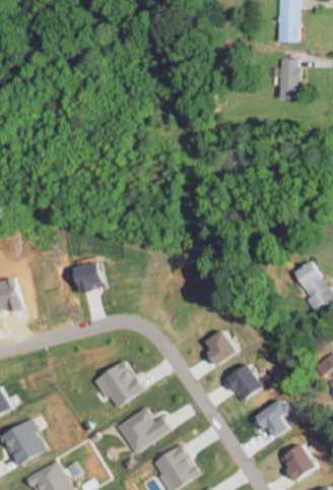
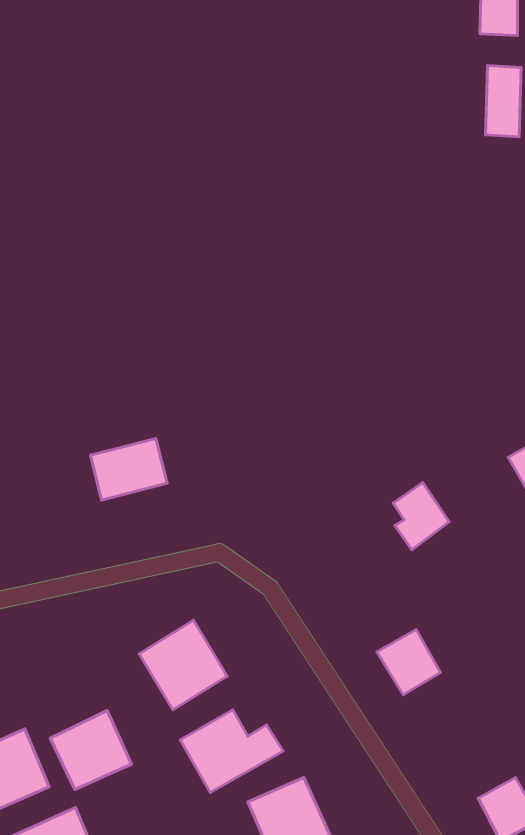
building: [202,329,232,366] -> [393,482,449,550]
building: [254,402,284,438] -> none
building: none -> [50,710,132,790]

